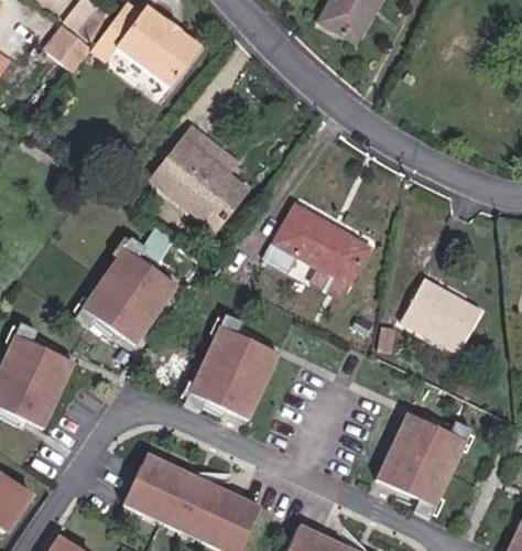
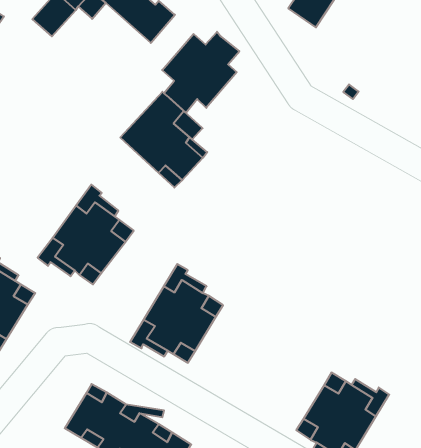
building: none -> [162,32,239,113]
building: [274,206,367,285] -> none
building: [401,283,477,354] -> none

